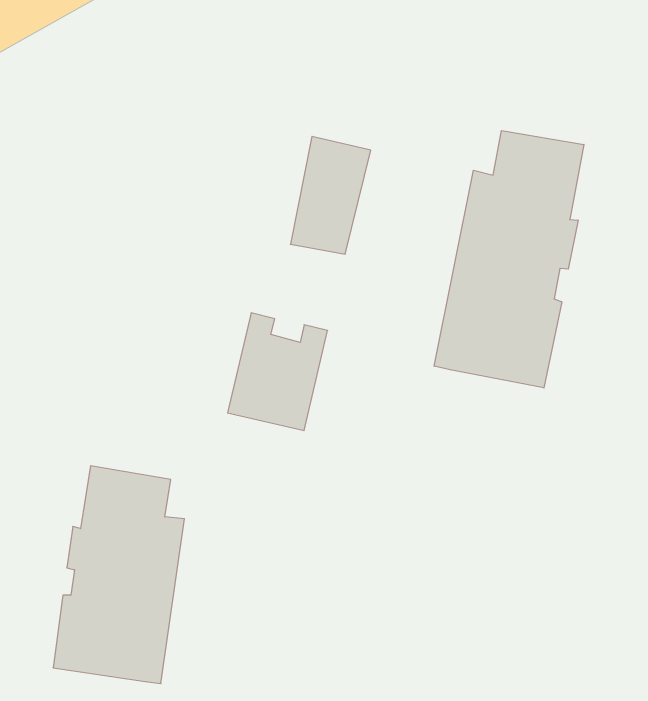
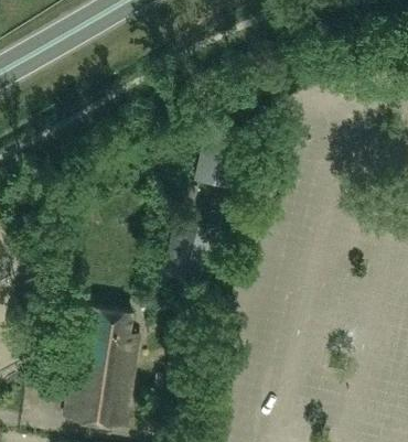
building: [434,131,584,388] -> none

